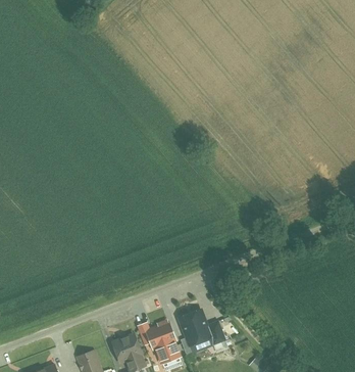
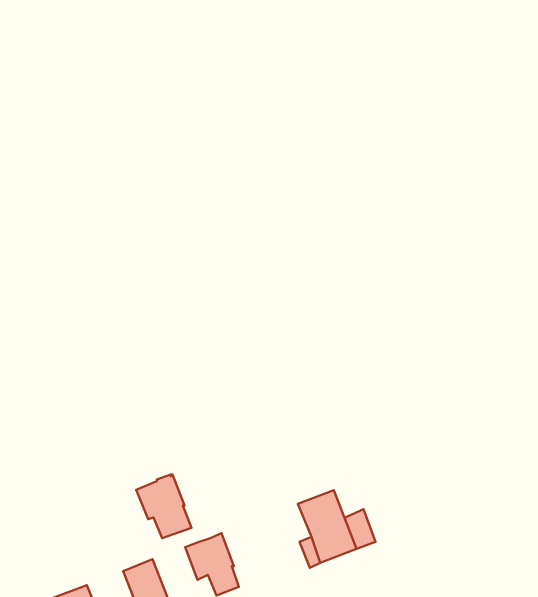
building: [146,321,179,359] -> [136,474,192,538]

